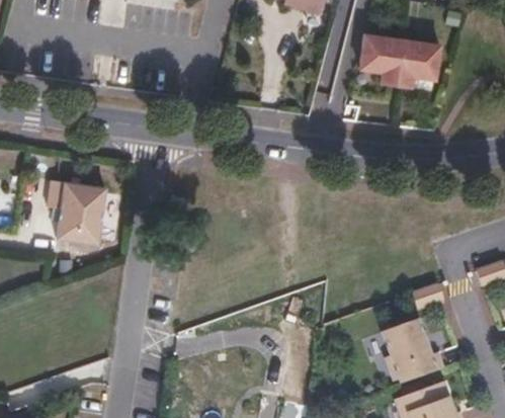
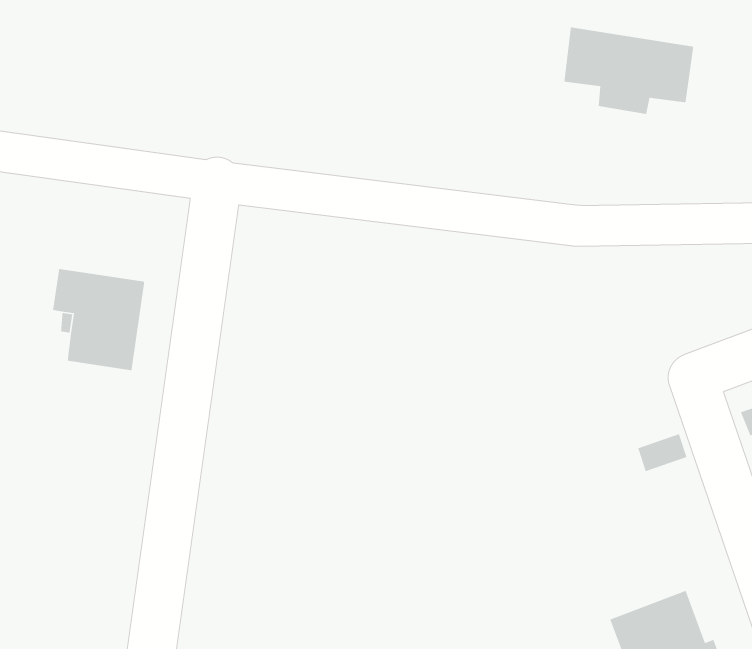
building: [380,318,442,383] -> none

